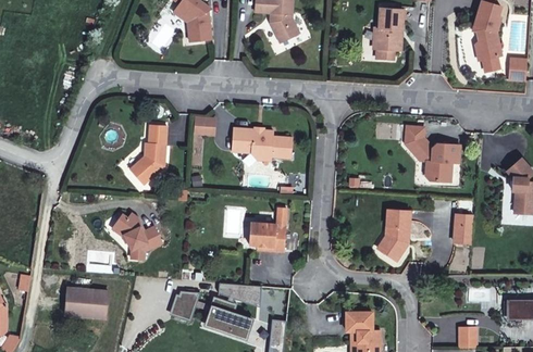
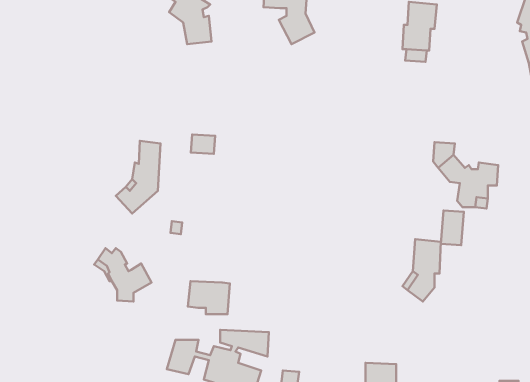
building: [232,128,293,160] -> none
building: [454,213,473,242] -> [441,211,464,245]
building: [251,223,287,251] -> [188,281,230,314]
building: [65,289,108,317] -> none

